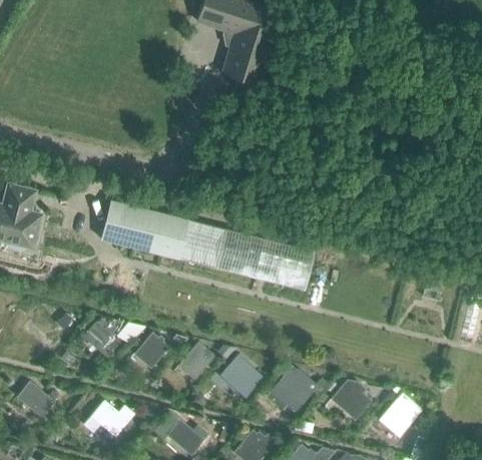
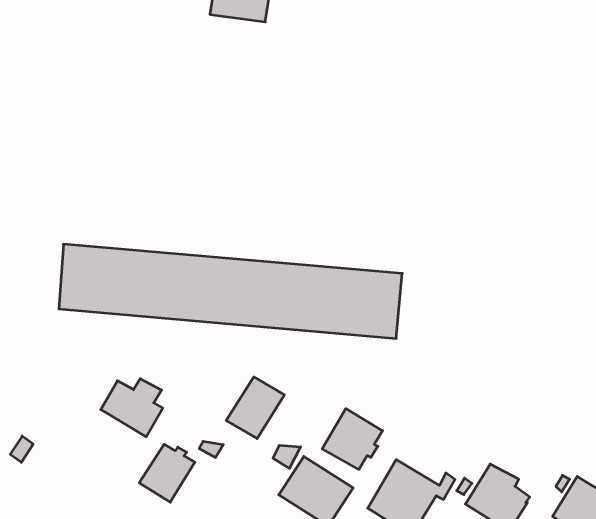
building: [82,321,121,358] -> [101,379,163,437]
building: none -> [322,409,383,469]
building: [177,342,215,380] -> [226,377,284,439]

